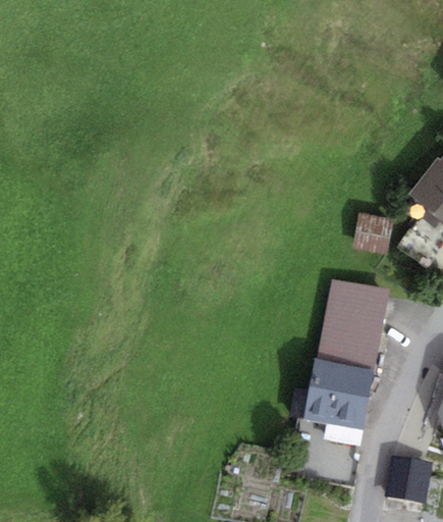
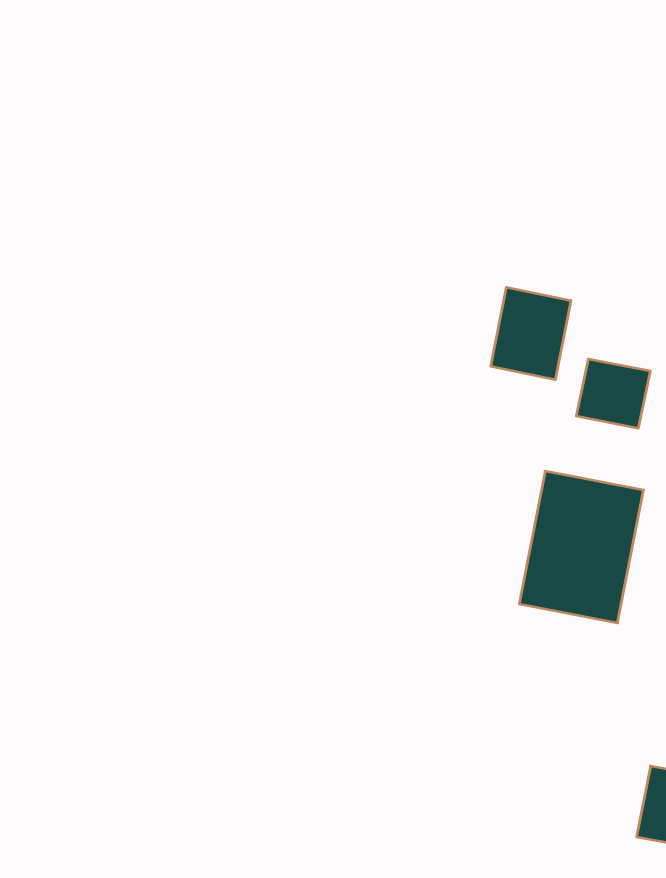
building: none -> [491,287,571,380]
building: [301,358,375,431] -> none

